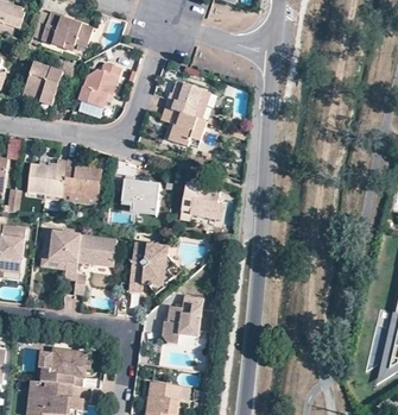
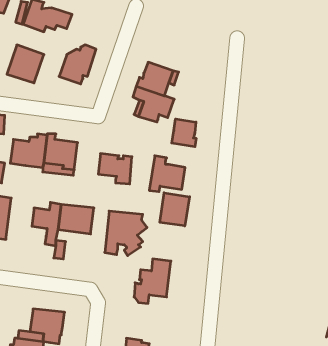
building: none -> [172,119,196,147]
building: none -> [160,193,190,226]
building: [44,231,72,270] -> none

